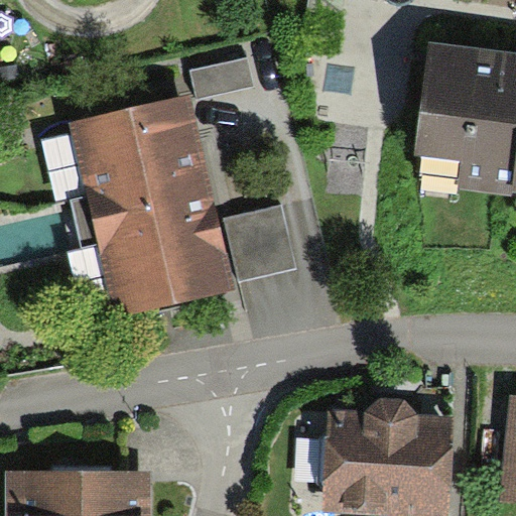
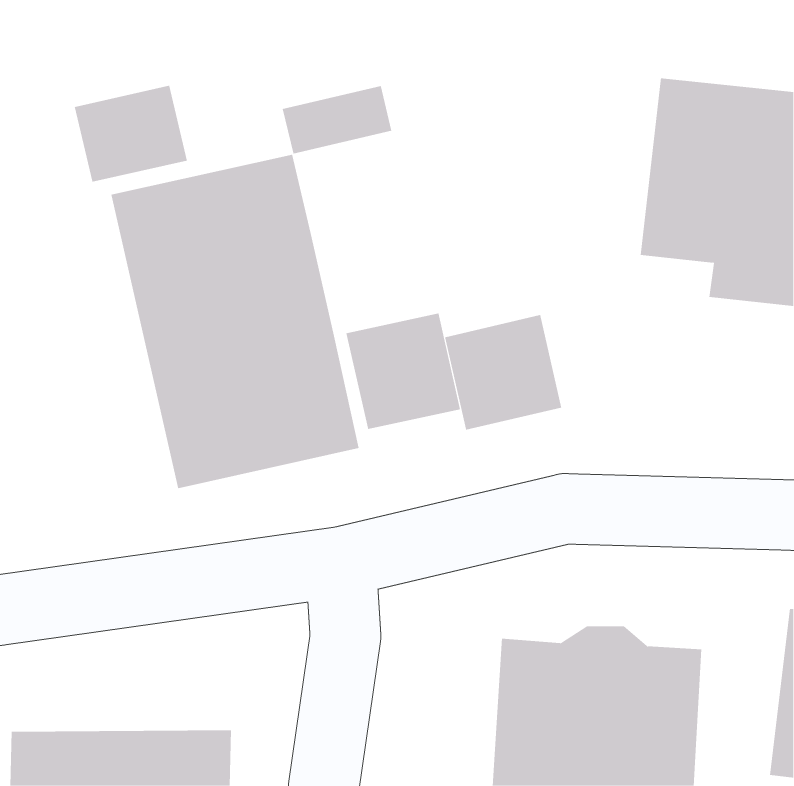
building: none -> [74,85,188,183]
building: none -> [445,314,562,431]

